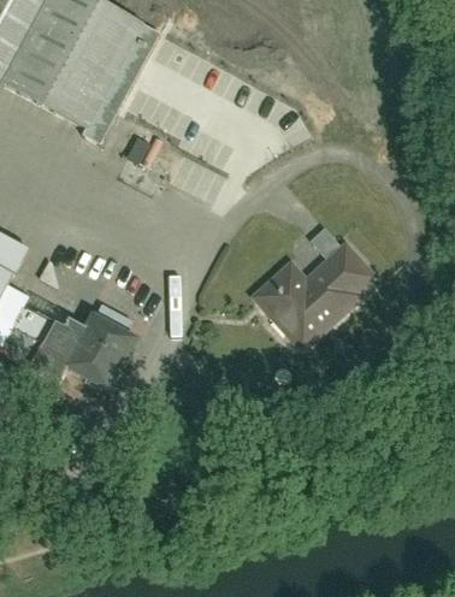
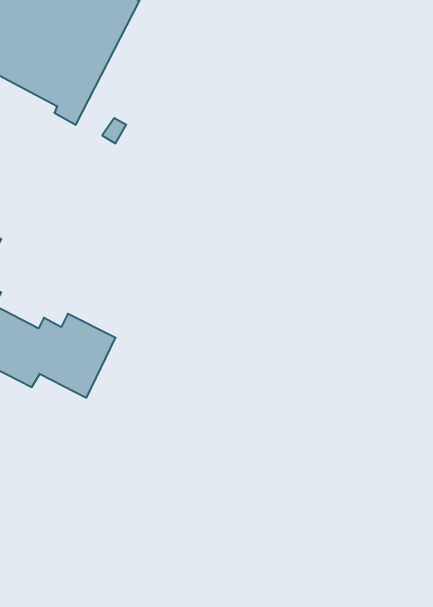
building: [246,237,380,355] -> none

